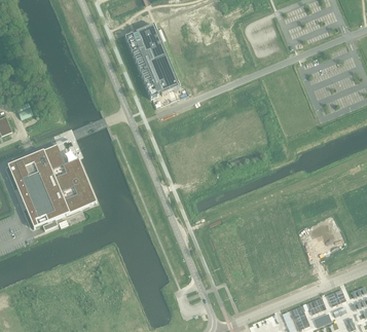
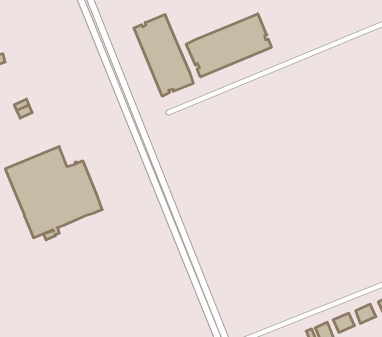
building: none -> [186,14,271,77]

